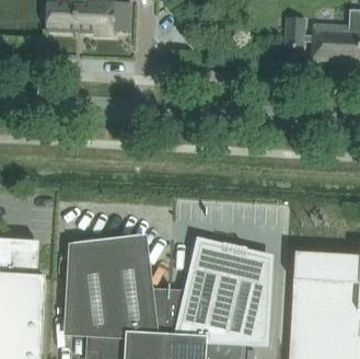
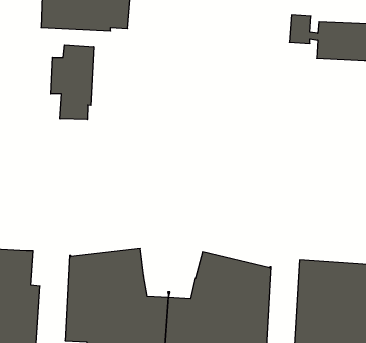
building: none -> [51,45,94,120]

